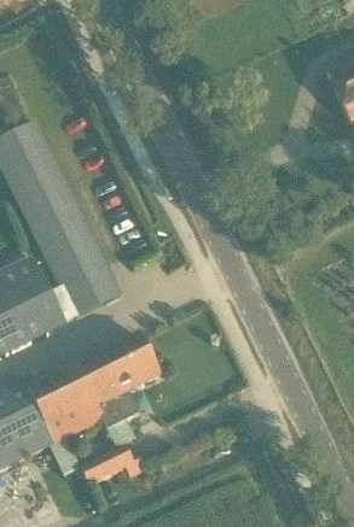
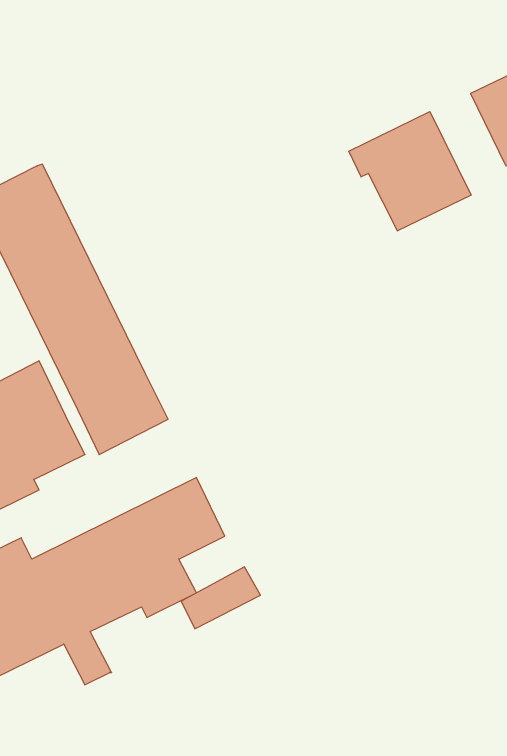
building: none -> [349,112,471,231]
building: [81,443,135,485] -> [181,567,260,629]

